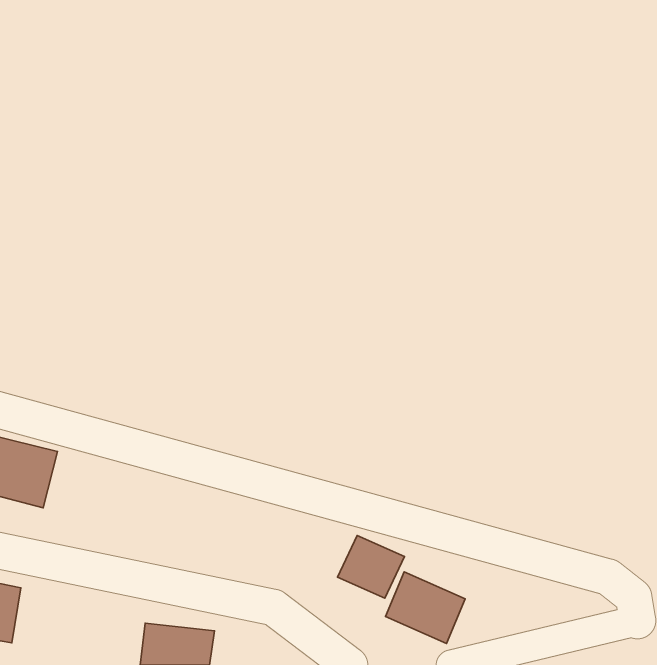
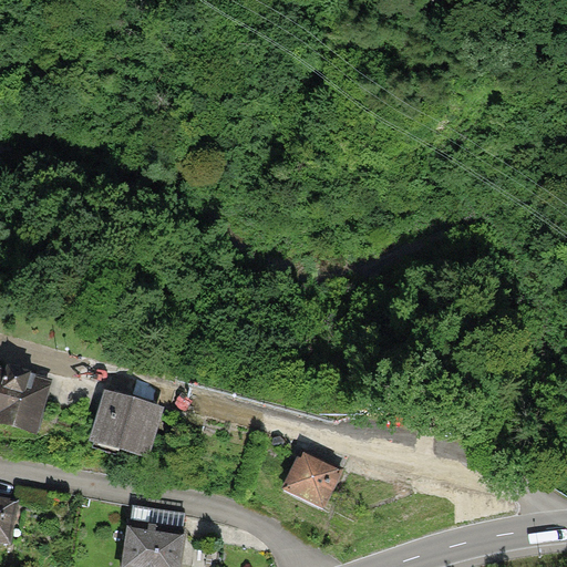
building: none -> [90,391,165,458]
building: [386,572,465,644] -> none

